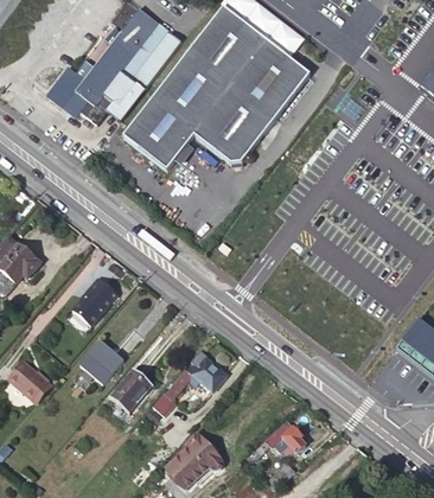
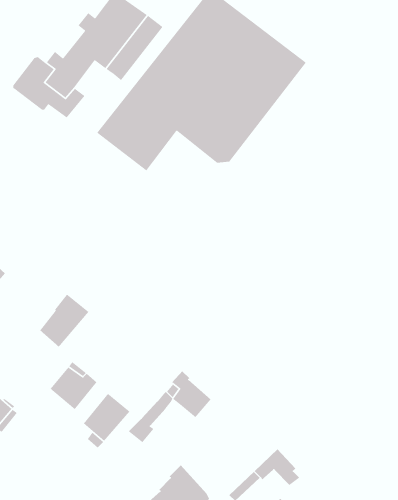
building: [103,71,138,102] -> none

